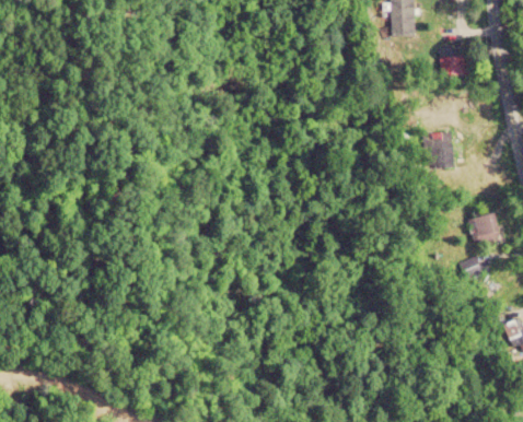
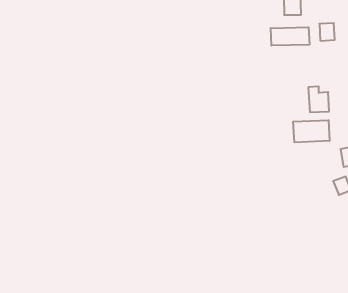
building: none -> [271,27,309,46]
building: none -> [293,120,330,142]

